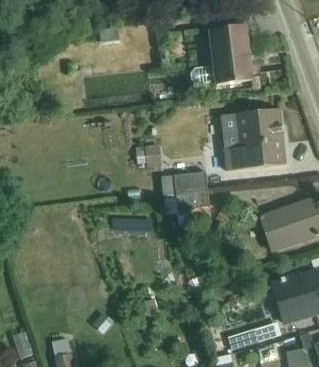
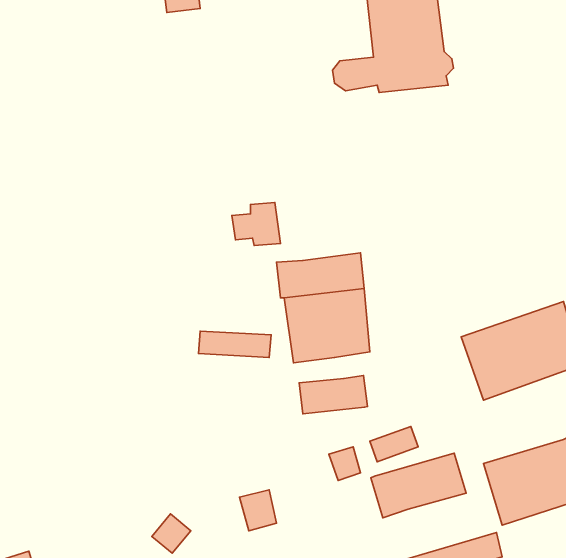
building: [223,109,285,171] -> none
building: none -> [299,375,367,414]
building: none -> [371,453,466,518]

